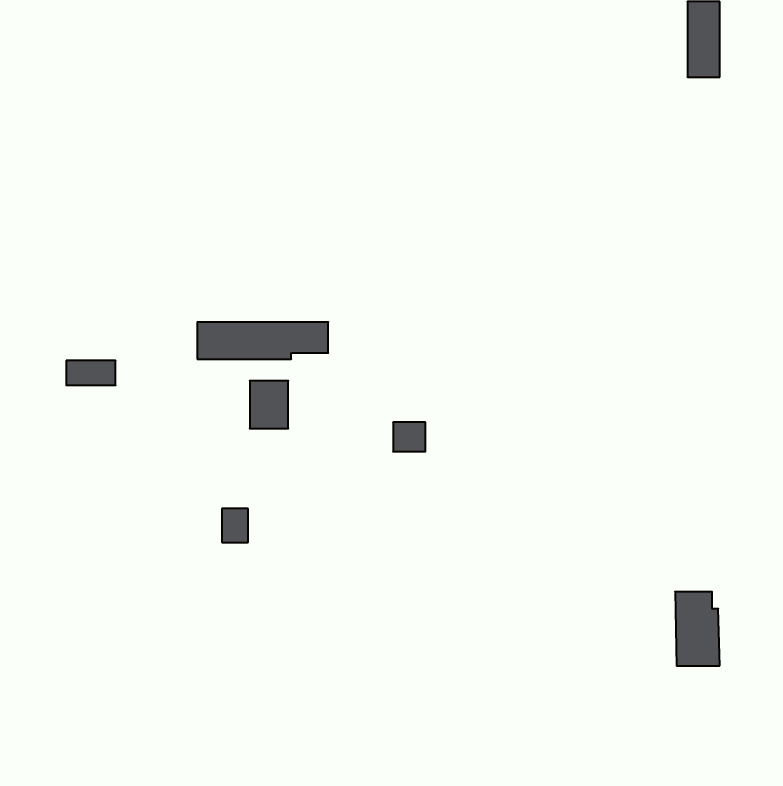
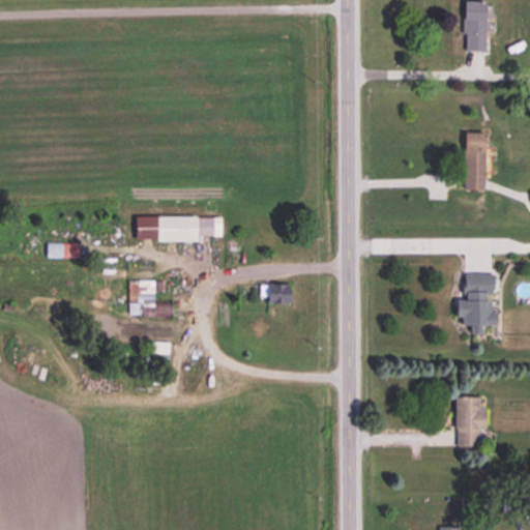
building: none -> [465,132,485,190]
building: [250,381,288,429] -> [129,281,155,313]
building: none -> [460,274,495,334]

